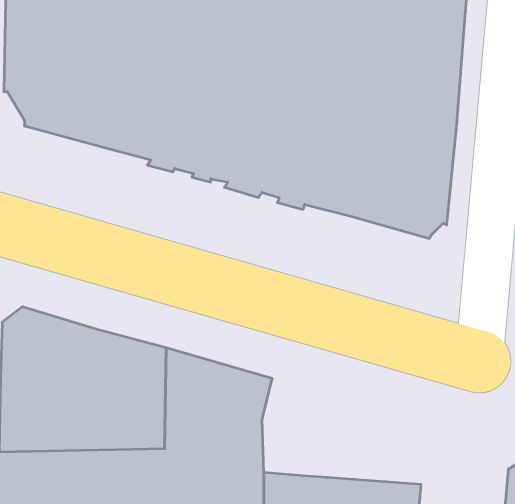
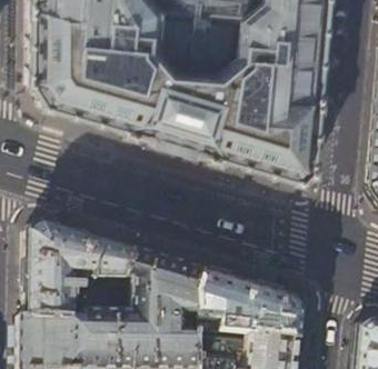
building: none -> [196,268,302,337]

